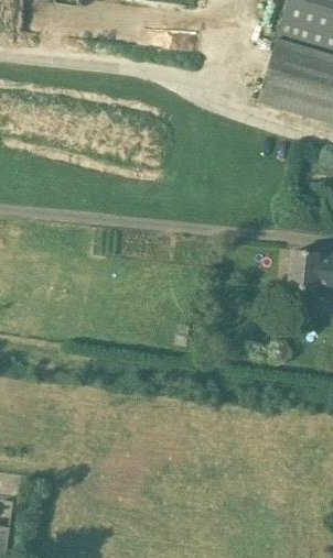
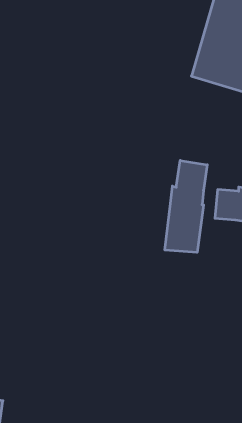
building: none -> [165,160,207,252]

